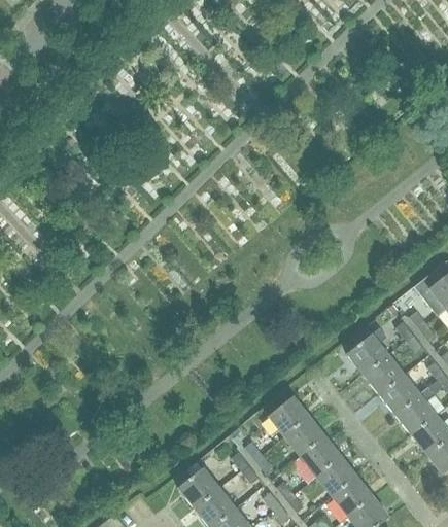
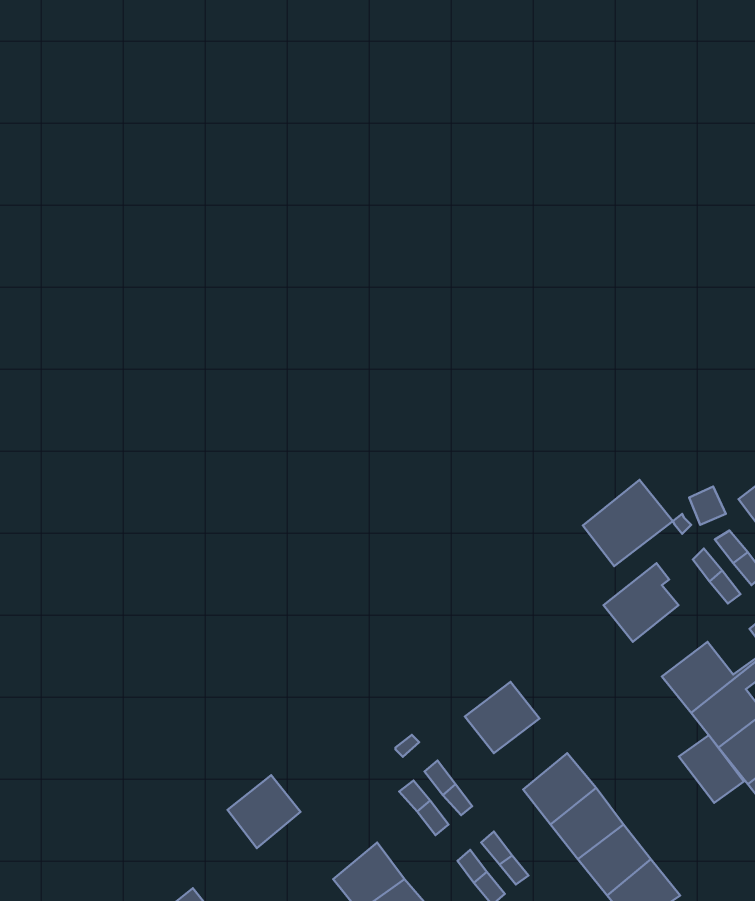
building: none -> [583,480,673,566]
building: [363,354,405,394] -> none
building: [284,418,325,458] -> none
building: none -> [679,735,744,803]
building: [177,467,218,508] -> [228,775,301,848]

